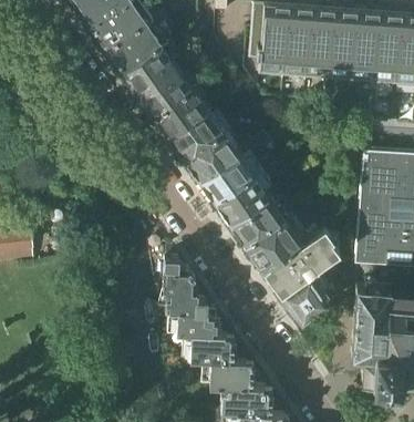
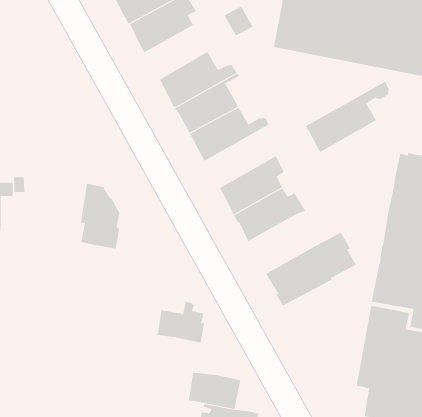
building: [136,60,193,113] -> none
building: [198,132,267,199] -> [305,81,390,153]
building: [244,210,302,268] -> none
building: [162,257,196,310] -> [80,183,120,249]
building: [280,269,328,322] -> none
building: [189,331,232,359] -> none

